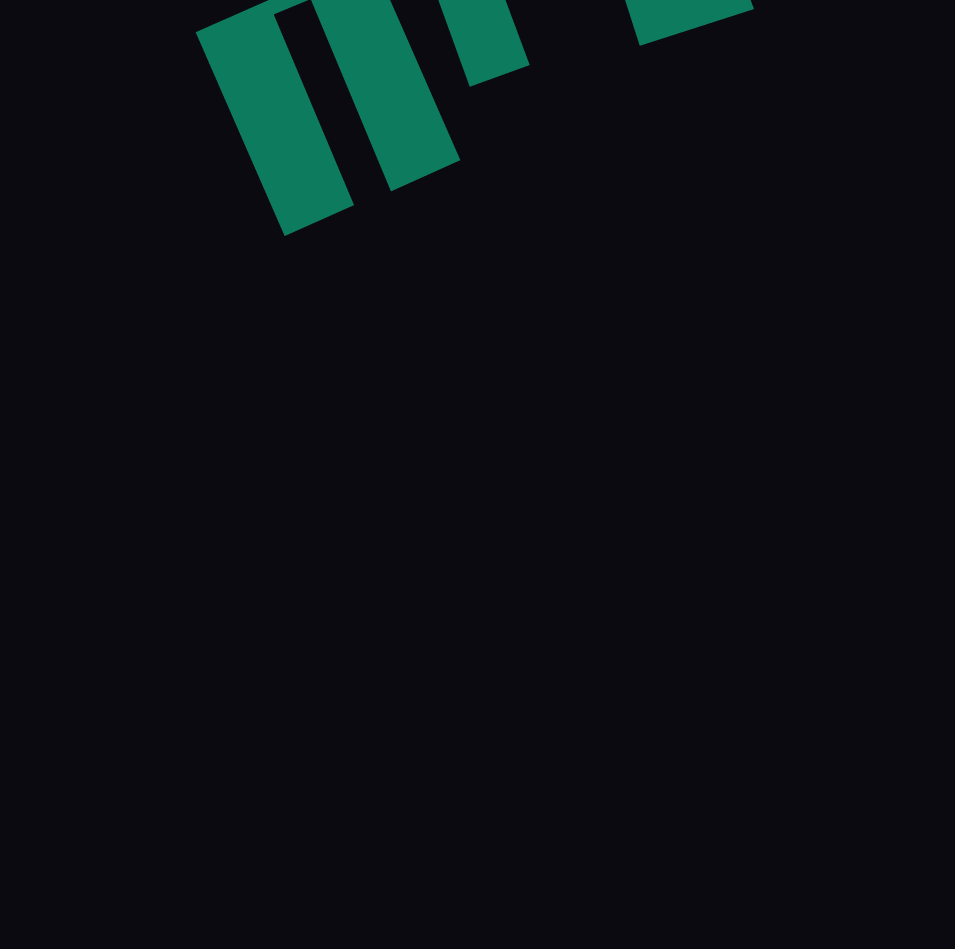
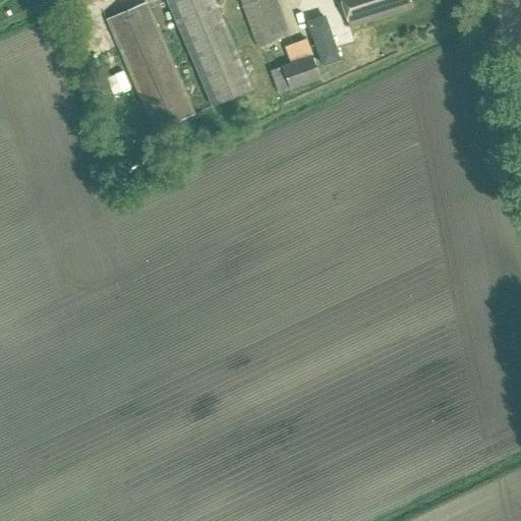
building: none -> [307,14,339,63]
building: none -> [270,38,320,92]

